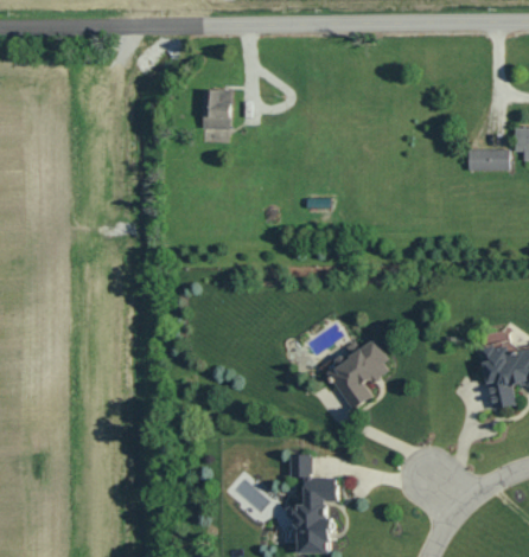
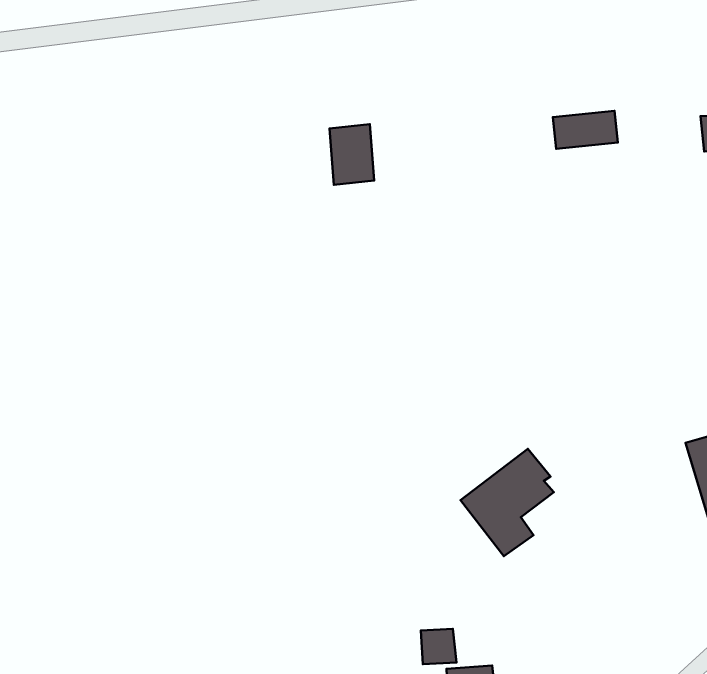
building: [202,91,230,129] -> [330,124,374,185]
building: [466,151,508,172] -> [553,111,618,149]

